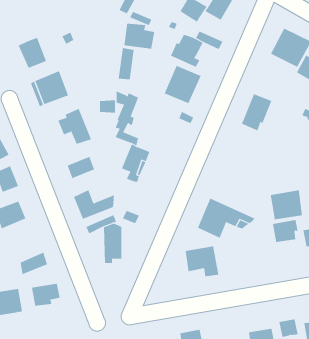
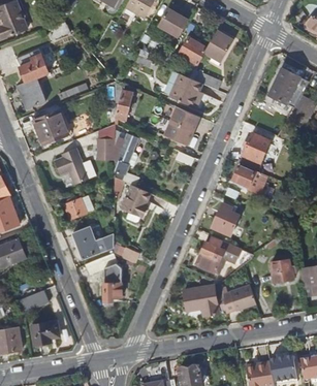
building: none -> [17,49,49,81]
building: [124,23,155,49] -> none
building: none -> [231,164,267,195]
building: none -> [211,203,241,235]
building: [270,190,303,220] -> none
building: none -> [222,283,255,311]

